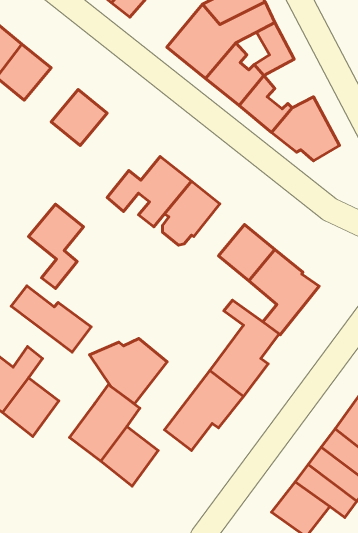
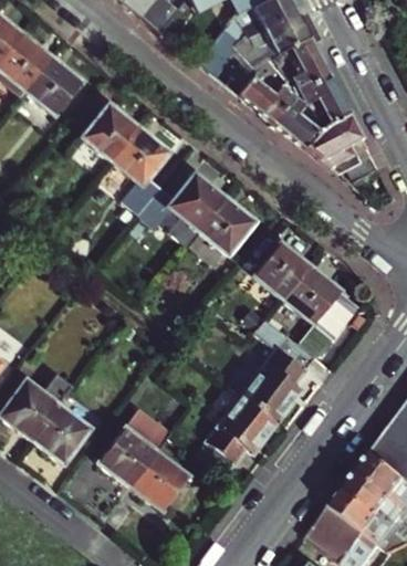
building: none -> [300,73,351,123]
building: [29,204,84,288] -> [112,128,168,214]
building: [11,286,91,352] -> none
building: [89,339,167,404] -> none

